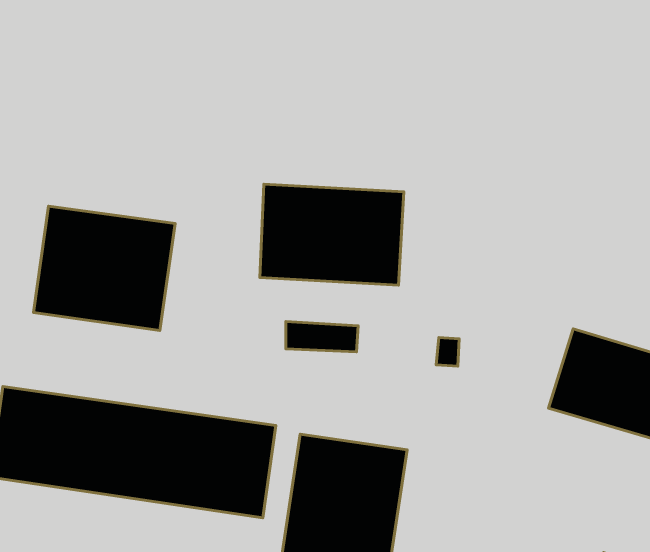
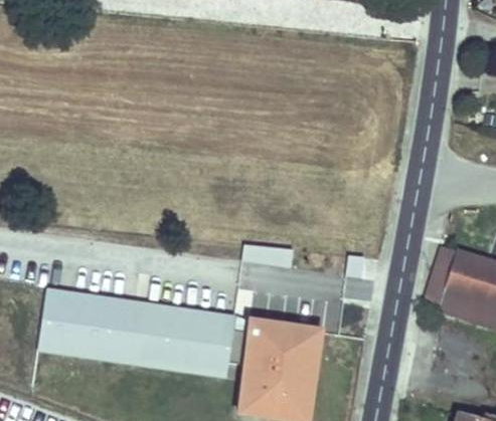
building: [260,184,404,285] -> none
building: [34,206,175,331] -> none

